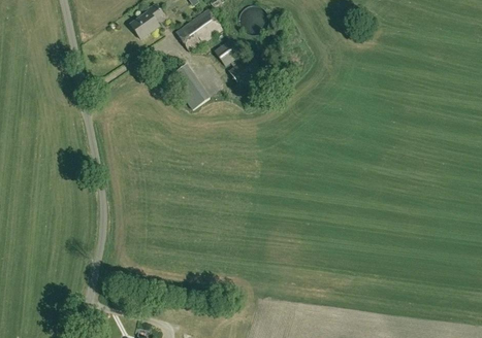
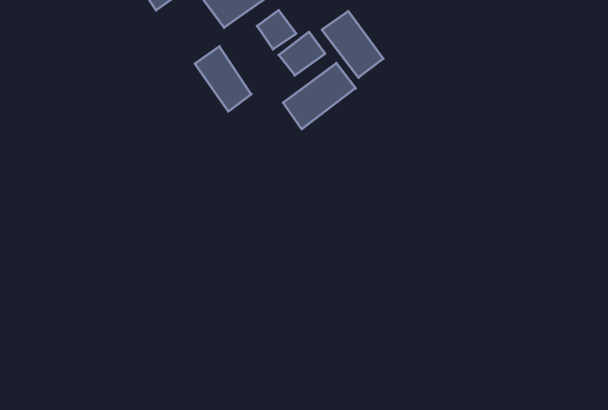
building: none -> [322,11,383,78]
building: none -> [283,63,356,129]

